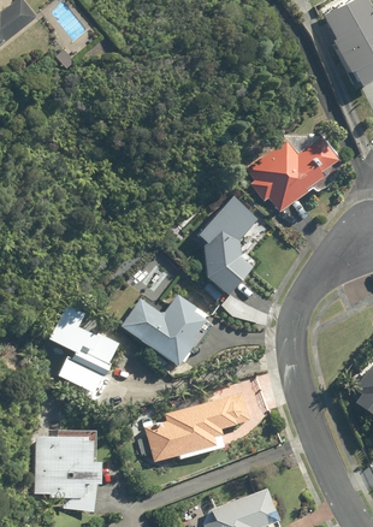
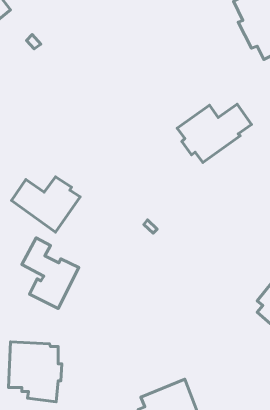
building: [207,202,257,294] -> none
building: [128,297,214,367] -> [12,177,80,232]
building: [150,393,255,463] -> none

